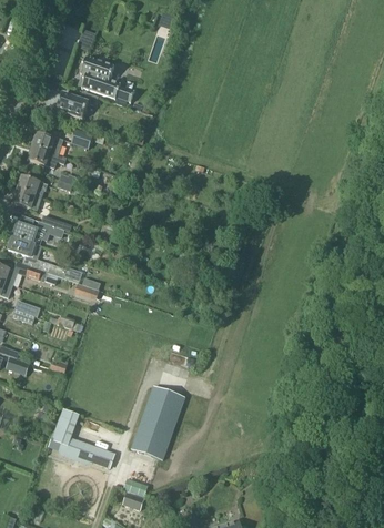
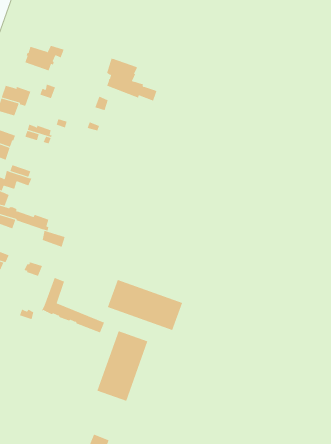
building: [81,57,134,103] -> [106,57,158,102]
building: none -> [107,279,183,331]
building: [50,409,115,467] -> [41,277,105,333]

